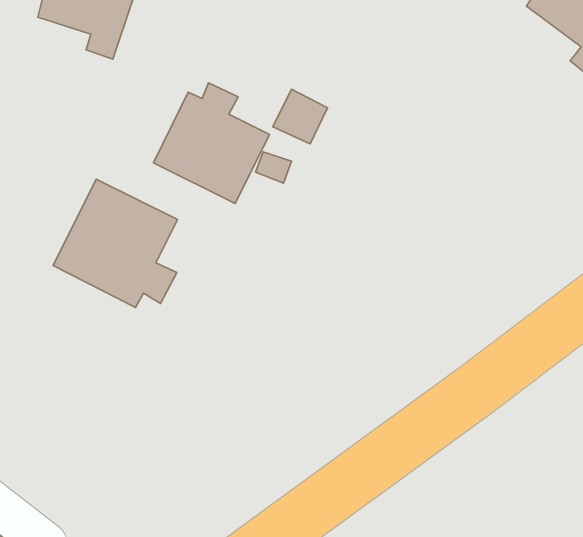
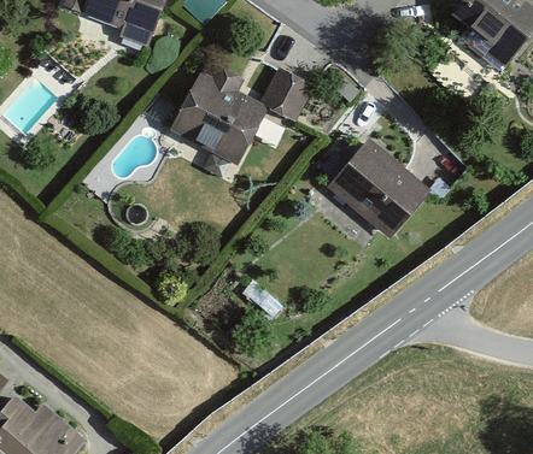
building: [53,179,177,308] -> none
building: none -> [332,141,423,230]

